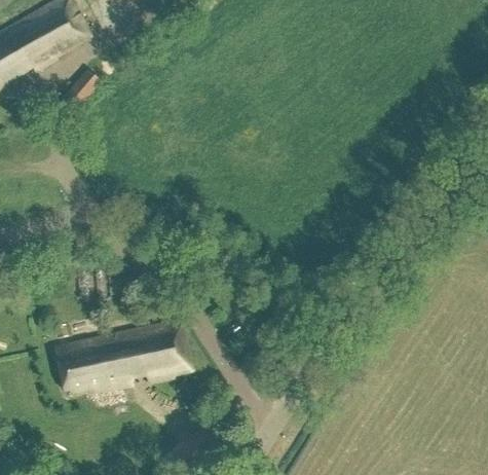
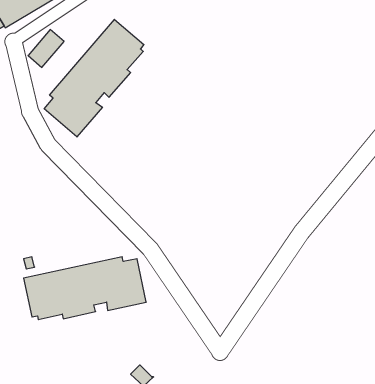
building: none -> [44,19,144,137]

